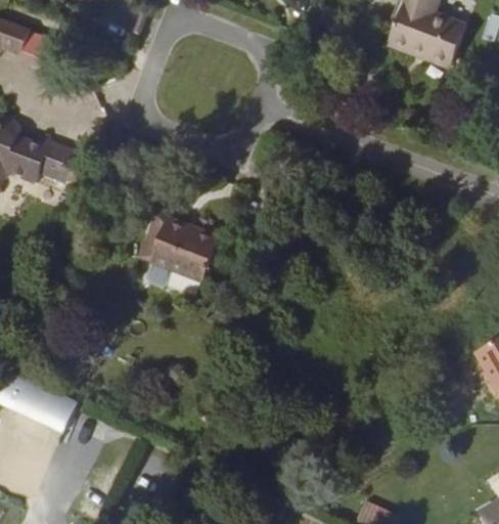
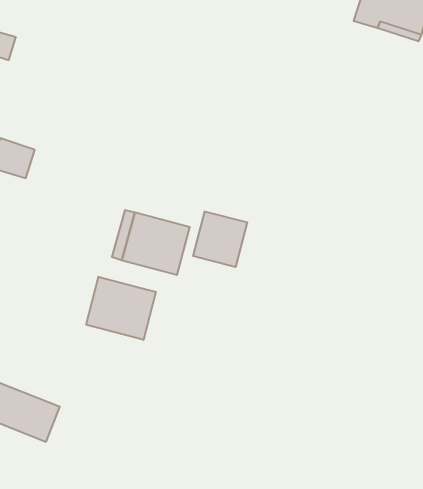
building: none -> [193,211,247,267]
building: none -> [86,277,156,340]

